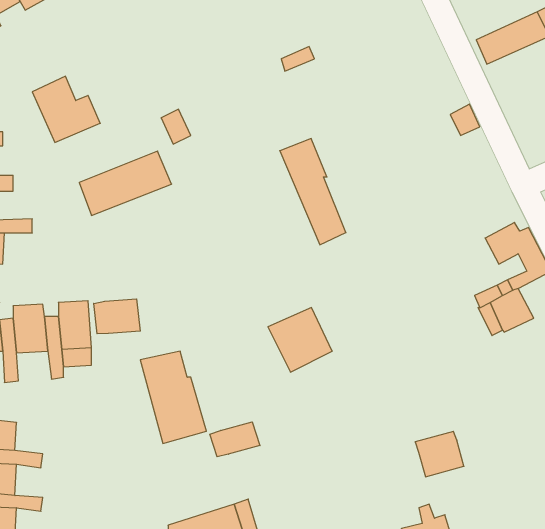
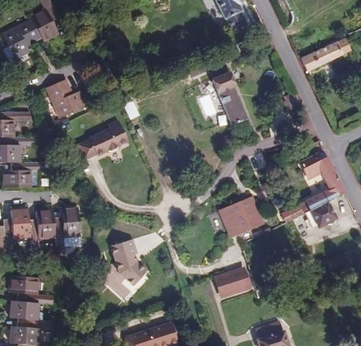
building: [280,139,346,245] -> [210,66,248,127]
building: [94,299,140,334] -> none
building: [268,308,332,372] -> [219,199,256,236]
building: [210,422,260,457] -> none
building: [415,431,464,477] -> [223,272,251,298]

